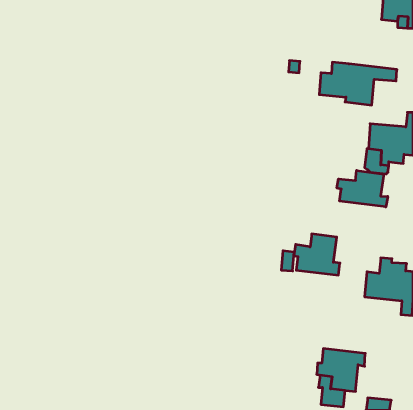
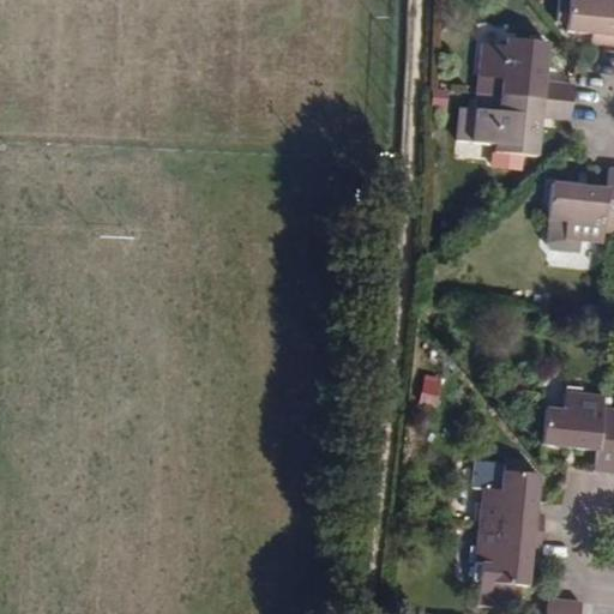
building: none -> [494,40,590,103]
building: [337,170,388,207] -> none
building: [294,234,340,275] -> [476,463,544,524]

